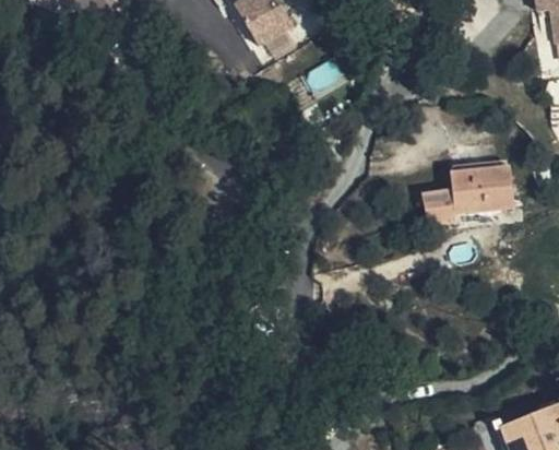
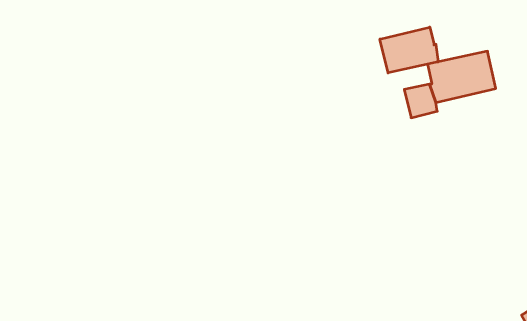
building: none -> [380,27,438,73]

